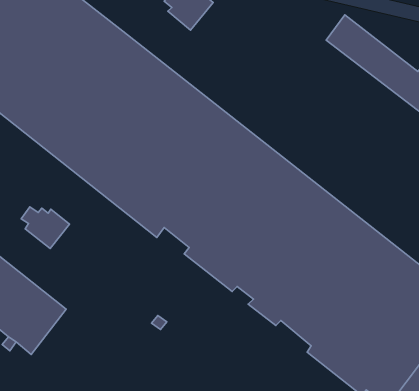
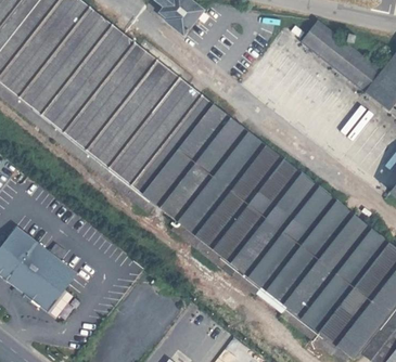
building: [21,207,69,248] -> none

